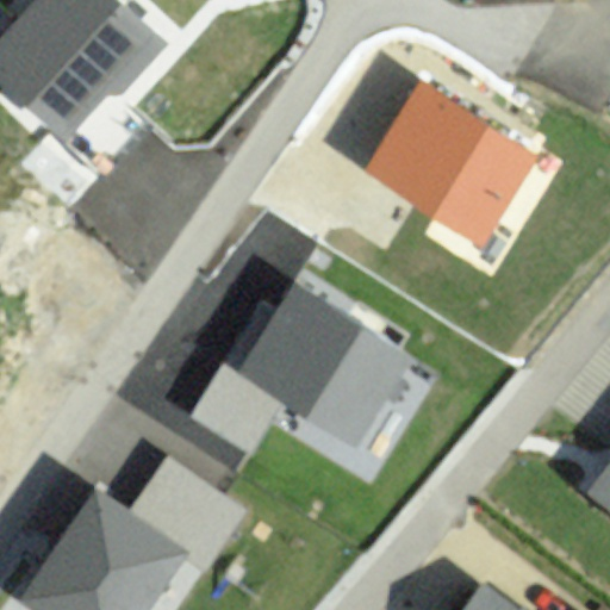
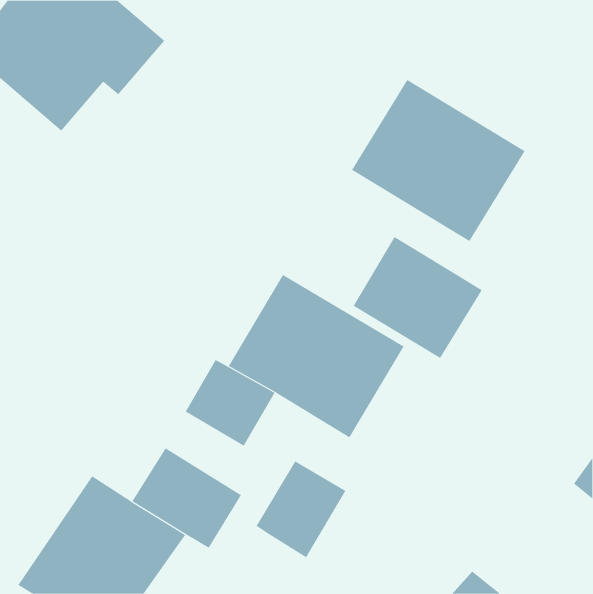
building: none -> [353,236,482,359]
building: none -> [256,460,346,558]

